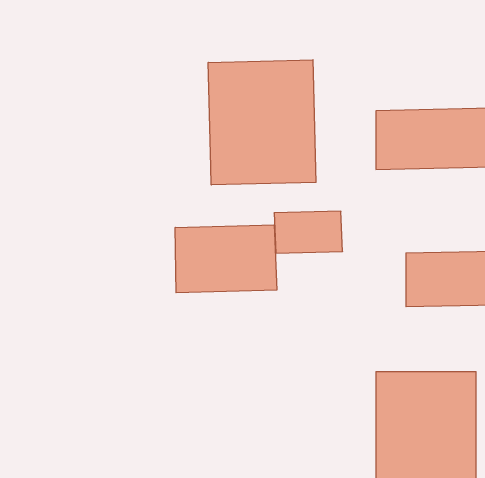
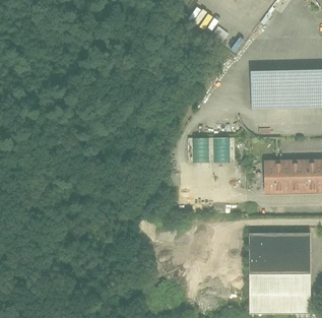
building: [208,60,316,185] -> none
building: [175,225,277,293] -> none

